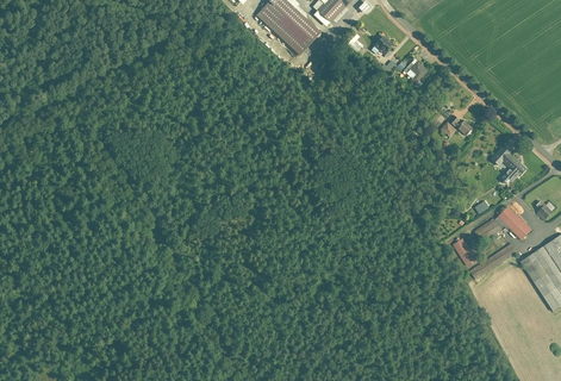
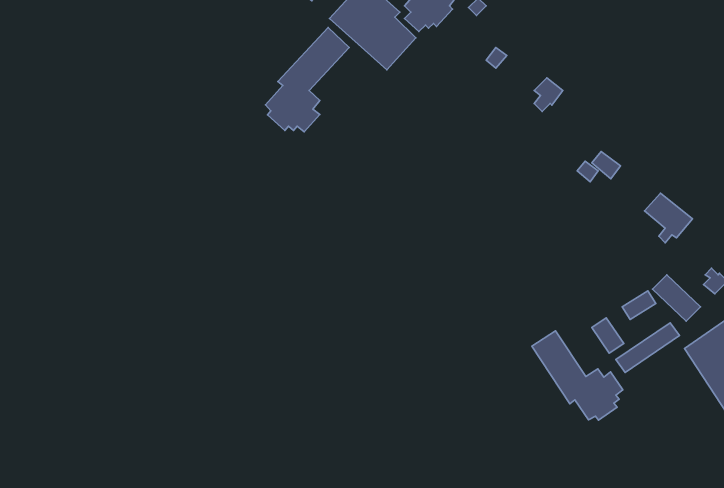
building: none -> [266,27,349,132]
building: none -> [532,331,623,420]

